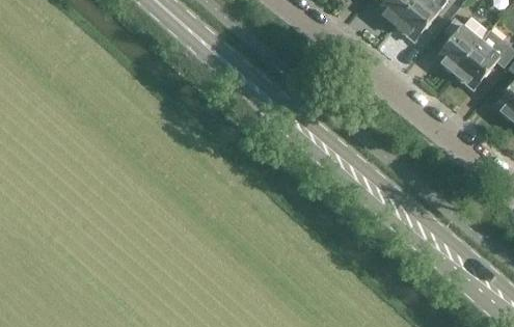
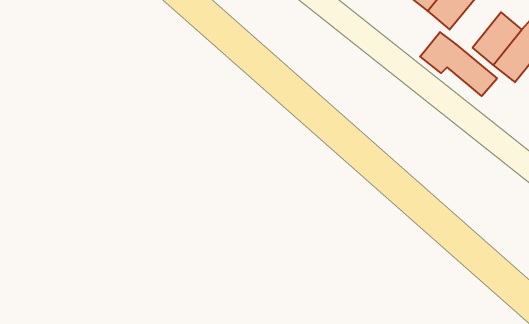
building: none -> [420,32,497,96]

